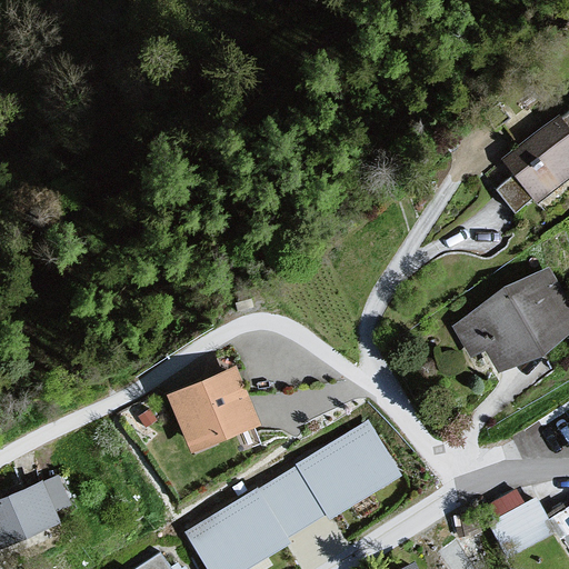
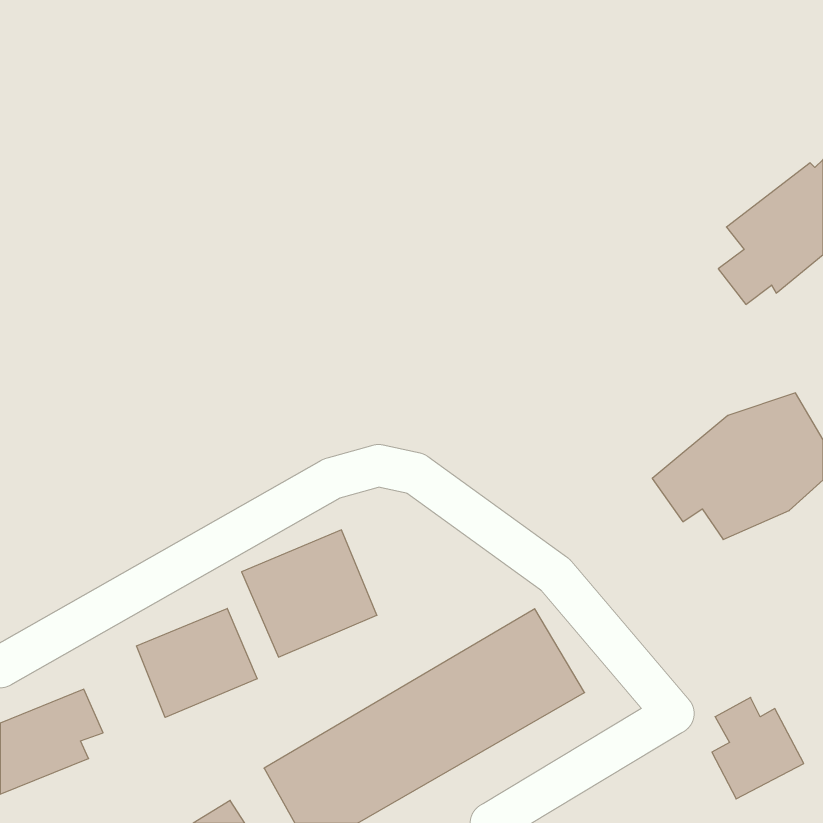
building: none -> [136,608,257,717]

